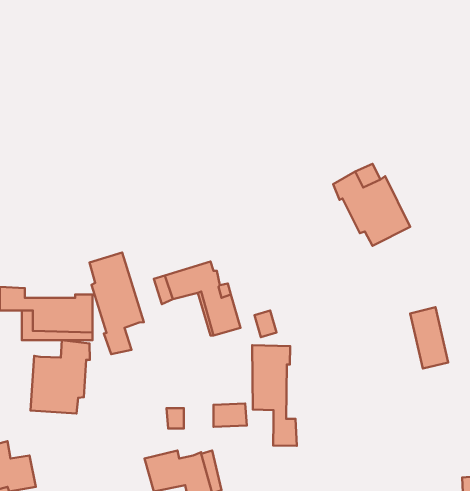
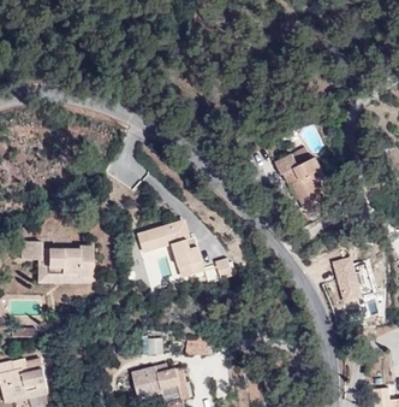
building: [89,252,144,354] -> none
building: [31,340,90,413] -> none
building: [252,345,297,446] -> none

